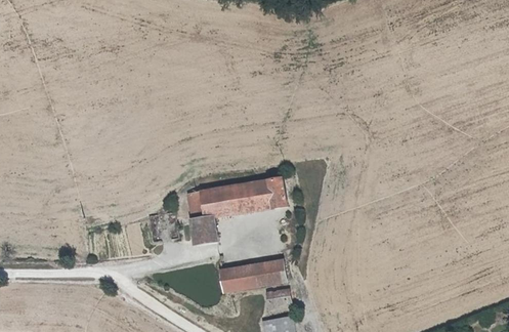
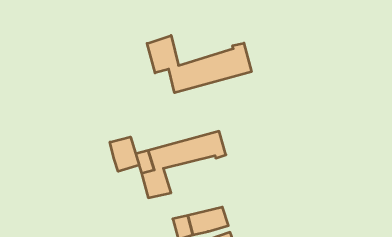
building: none -> [147,35,251,93]
building: none -> [110,137,139,171]

